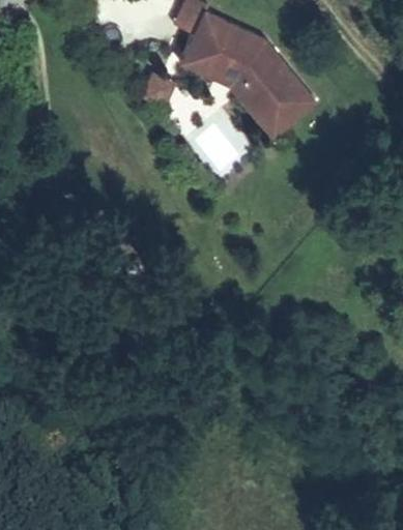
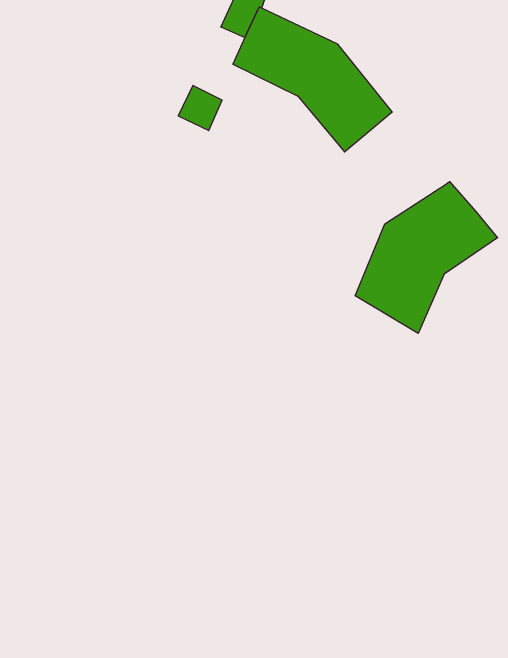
building: [179,55,316,139] -> none
building: none -> [355,182,498,333]

